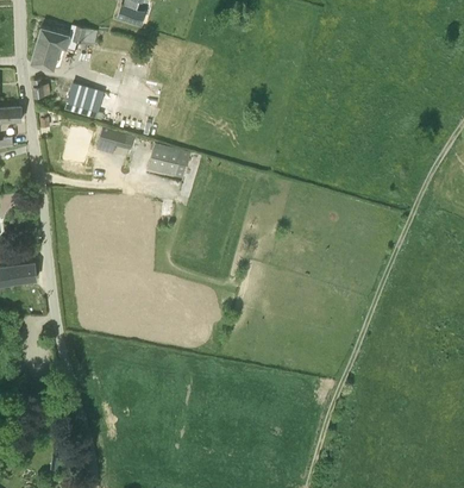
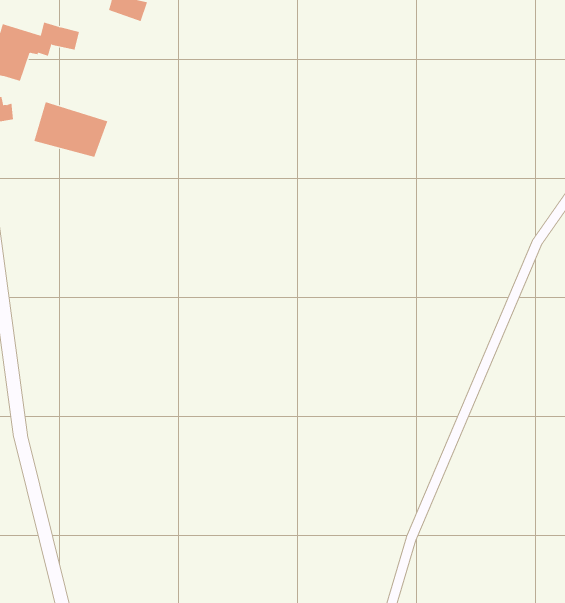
building: [96,129,134,154] -> none
building: [148,143,190,179] -> none

